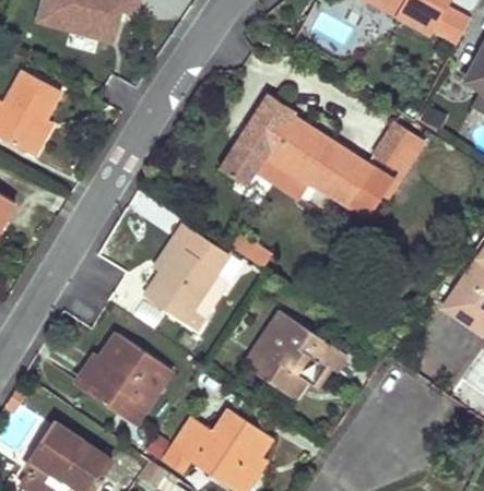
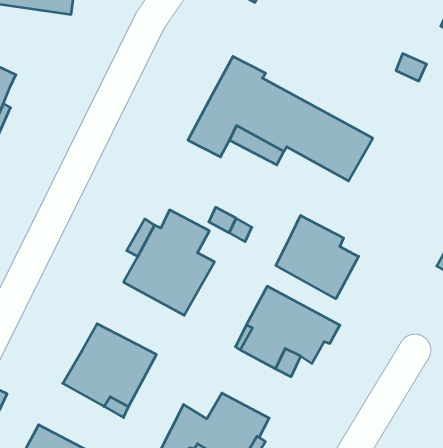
building: [371,122,418,171] -> none
building: none -> [276,215,359,299]

